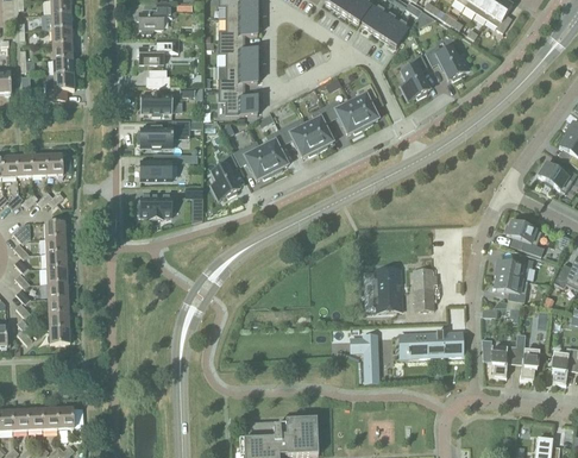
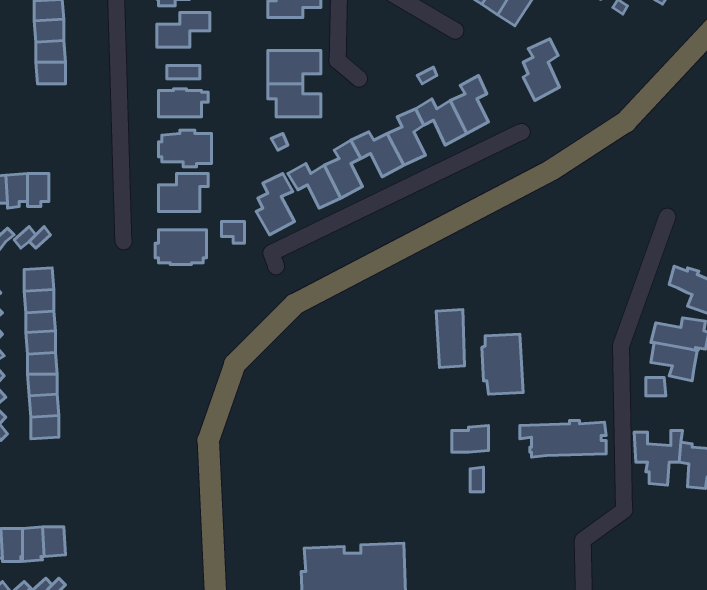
building: [219,40,257,64] -> none
building: [425,42,469,79] -> none
building: [413,266,433,308] -> [436,310,465,368]

